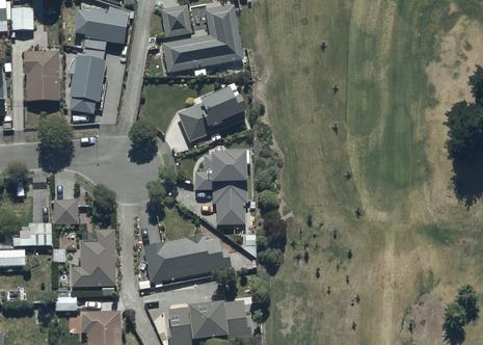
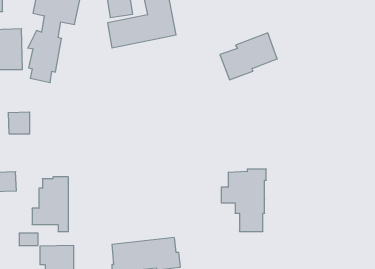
building: [177,85,245,141] -> [220,33,277,80]
building: [194,150,248,224] -> [221,169,266,231]
building: [52,198,78,224] -> [8,112,30,134]
building: [138,235,231,289] -> none

